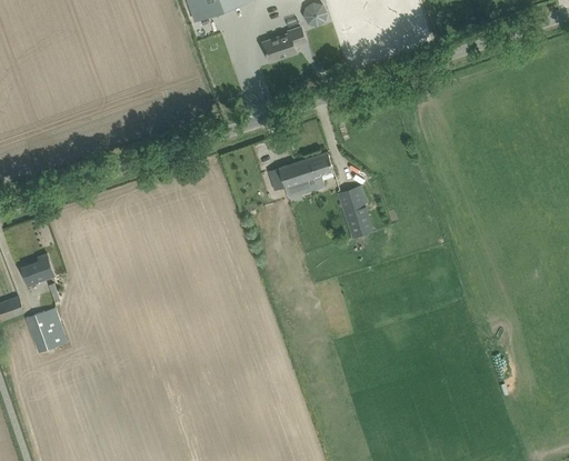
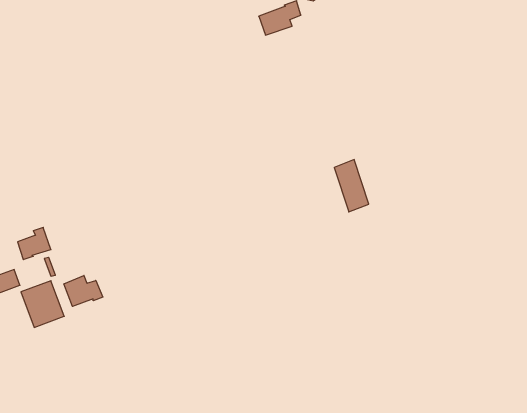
building: [268,151,333,198] -> none
building: none -> [64,275,103,306]

